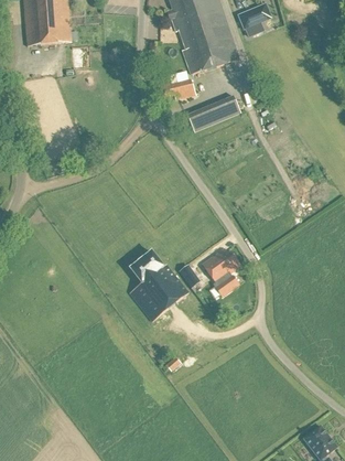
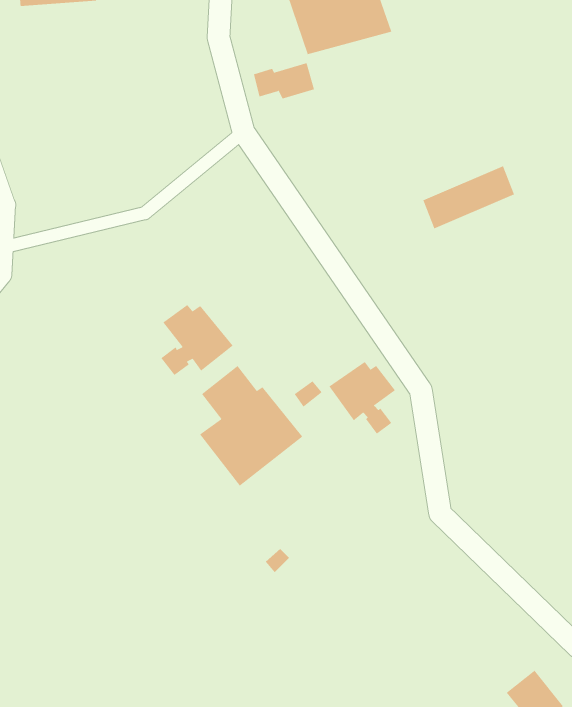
building: [186,94,239,130] -> [422,165,515,229]
building: none -> [161,304,234,376]

